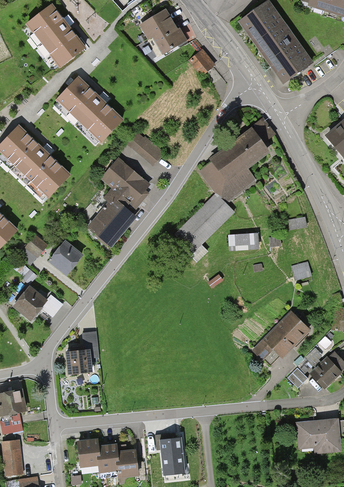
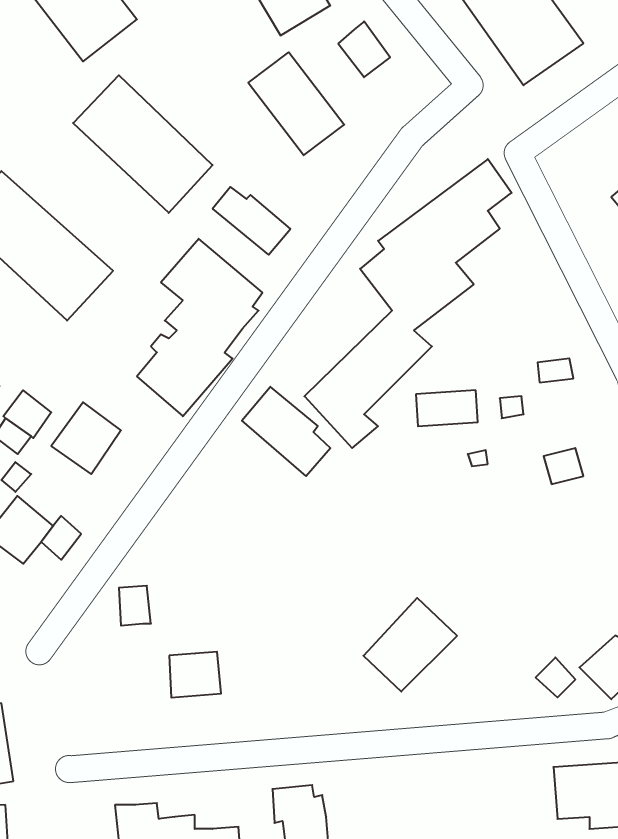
building: none -> [248,52,344,155]
building: none -> [242,387,330,476]
building: [263,311,310,358] -> [363,598,457,692]
building: [66,350,92,373] -> [169,652,221,698]

